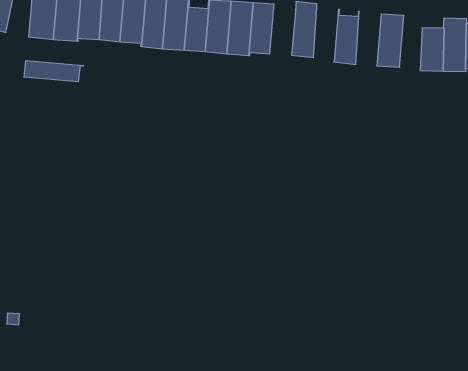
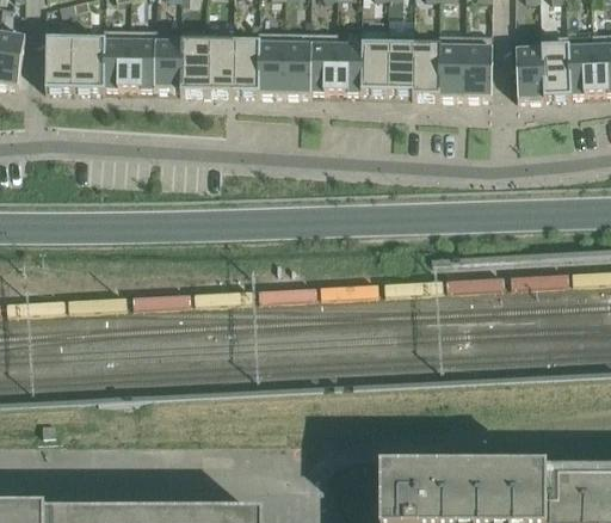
building: none -> [334,25,362,85]
building: none -> [387,26,413,90]
building: none -> [438,27,464,91]
building: [24,61,83,82] -> none

